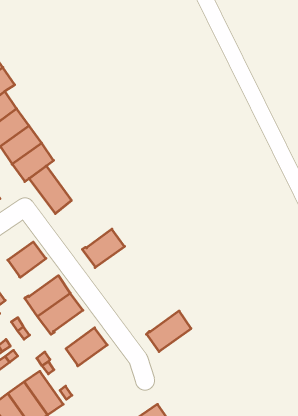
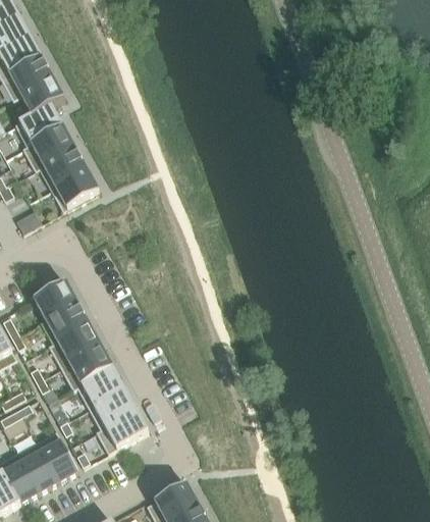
building: [29,166,71,214] -> none
building: [82,229,125,268] -> [41,302,90,344]
building: none -> [76,366,124,408]
building: [146,311,191,352] -> [96,409,148,453]

